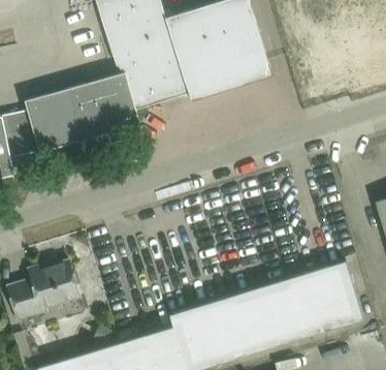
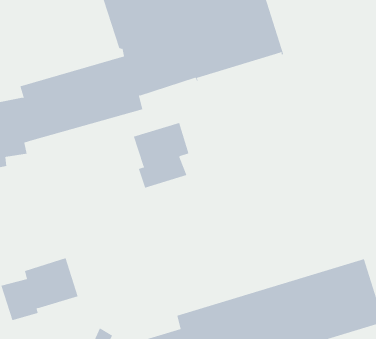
building: none -> [133,122,189,188]

